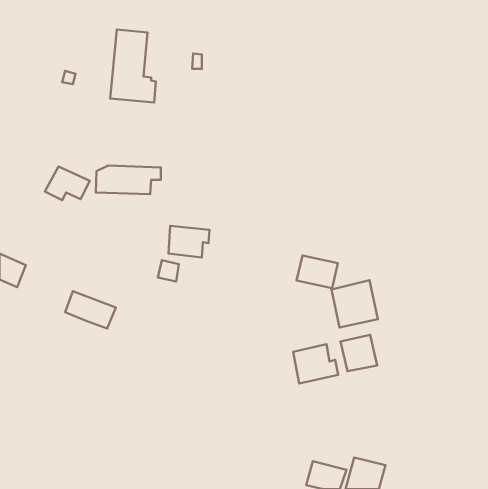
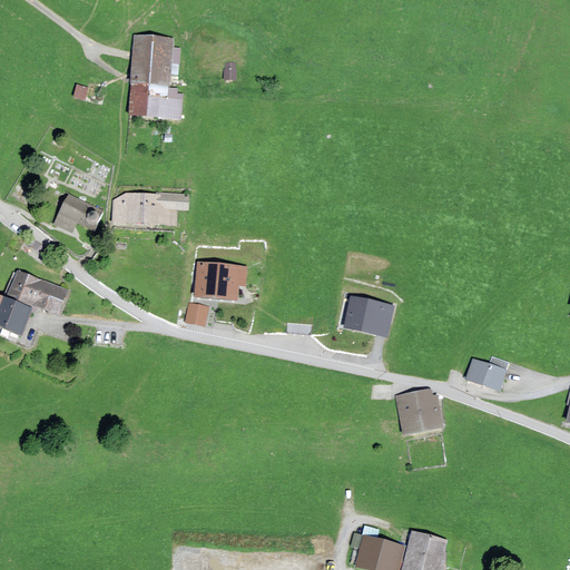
building: [331,280,378,327] -> none
building: [65,291,116,328] -> [8,271,67,314]
building: none -> [465,360,504,390]
building: [293,344,338,384] -> none

